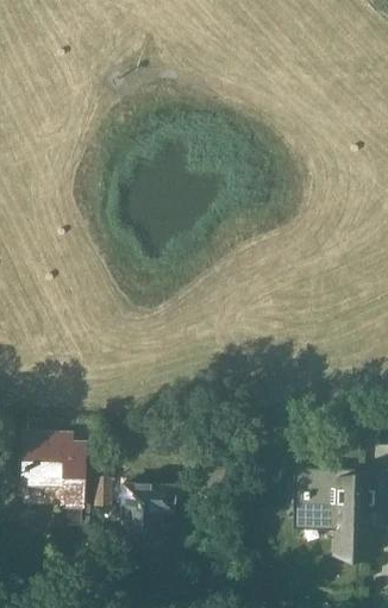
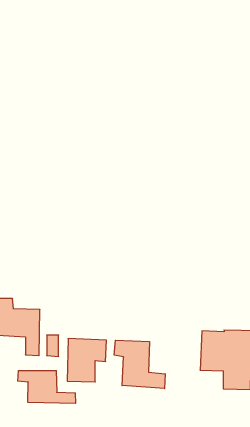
building: none -> [114,340,165,389]
building: none -> [18,371,75,403]

